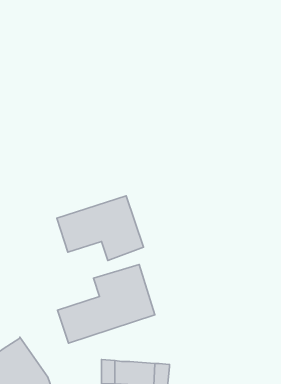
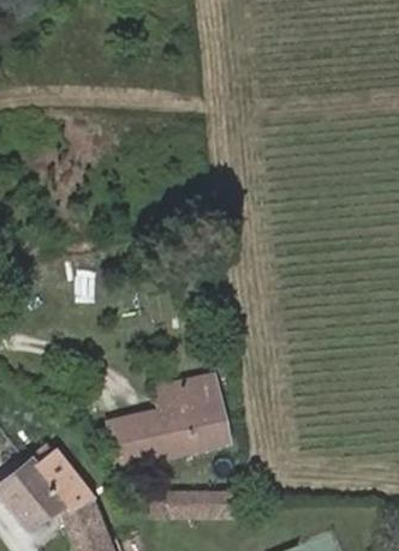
building: [57,196,144,260] -> none

